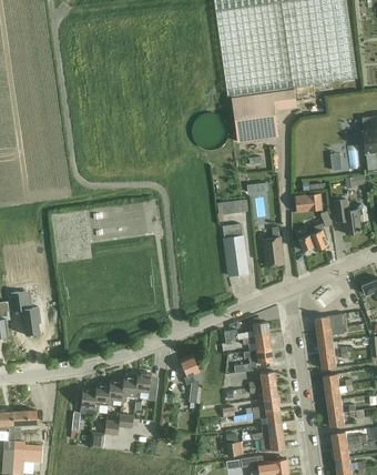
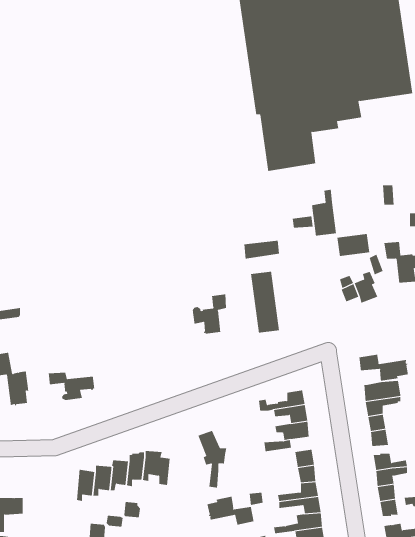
building: [262,226,283,265] -> [311,189,337,236]
building: none -> [192,294,227,335]
building: none -> [359,354,408,382]
building: none -> [48,372,95,401]
building: none -> [207,496,254,526]

